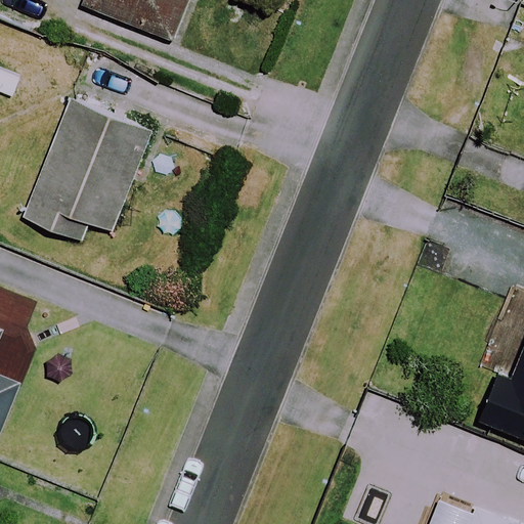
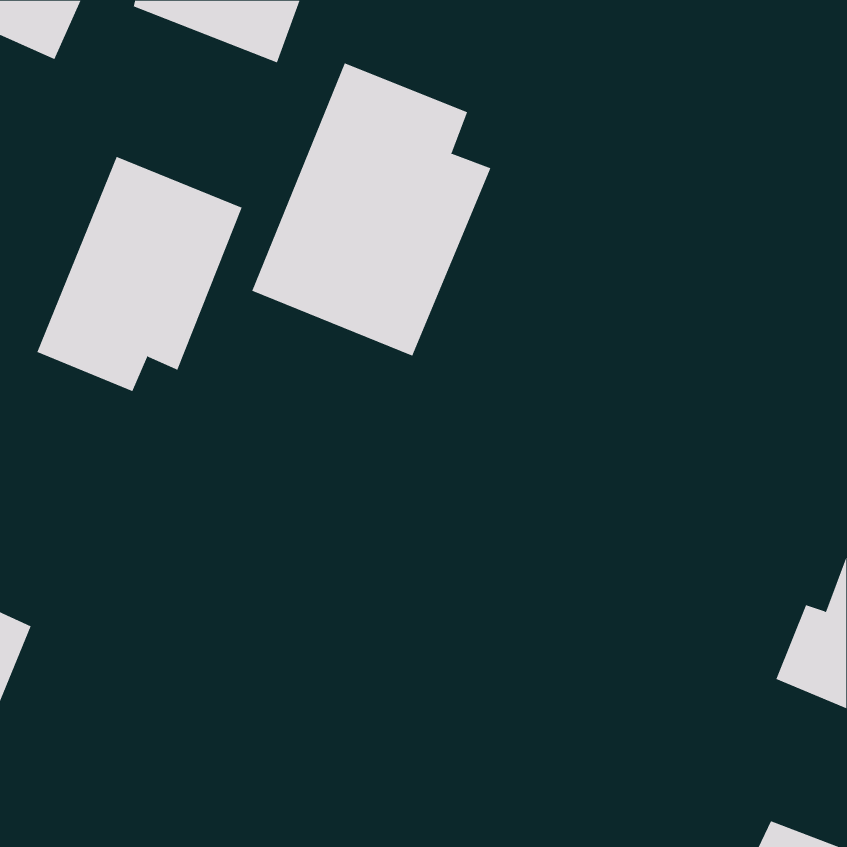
building: none -> [252,63,491,357]

